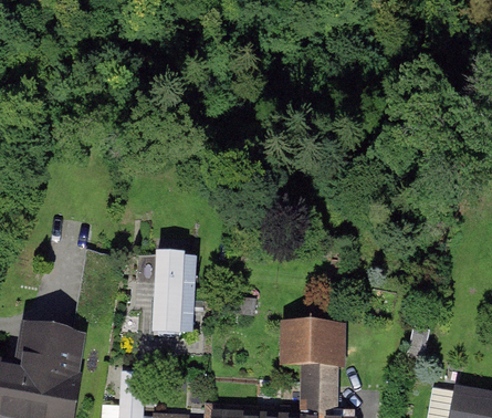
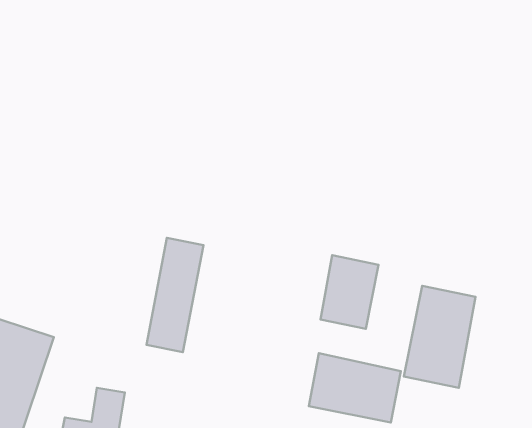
building: none -> [321,255,379,329]
building: none -> [404,286,475,388]

